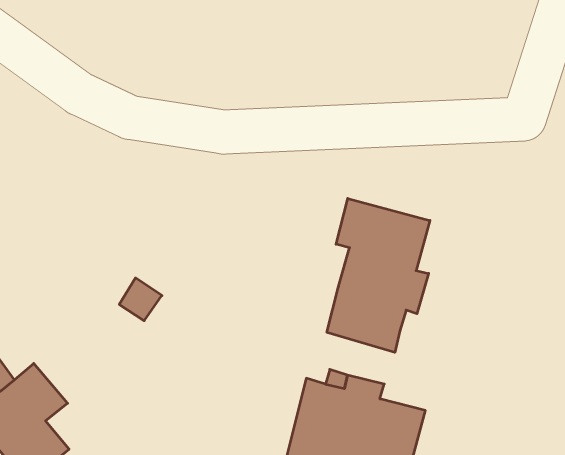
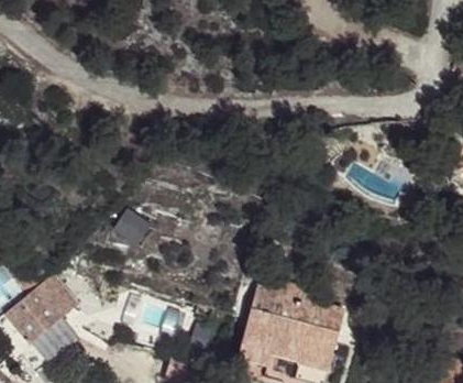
building: [327,198,430,352] -> none

